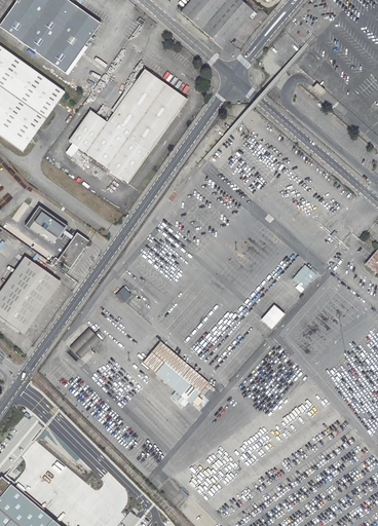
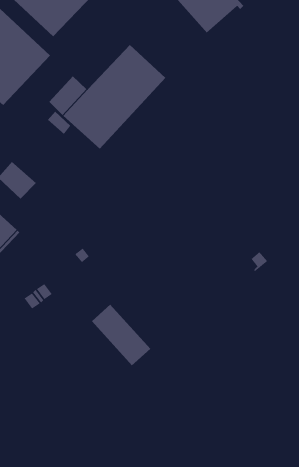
building: [56,232,88,267] -> none

